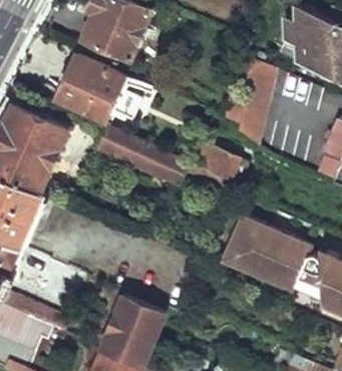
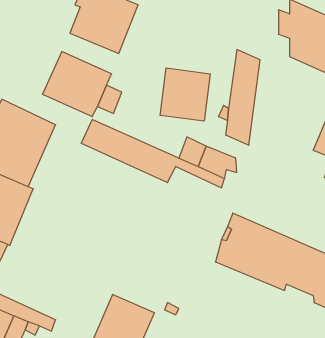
building: none -> [160,68,210,121]

